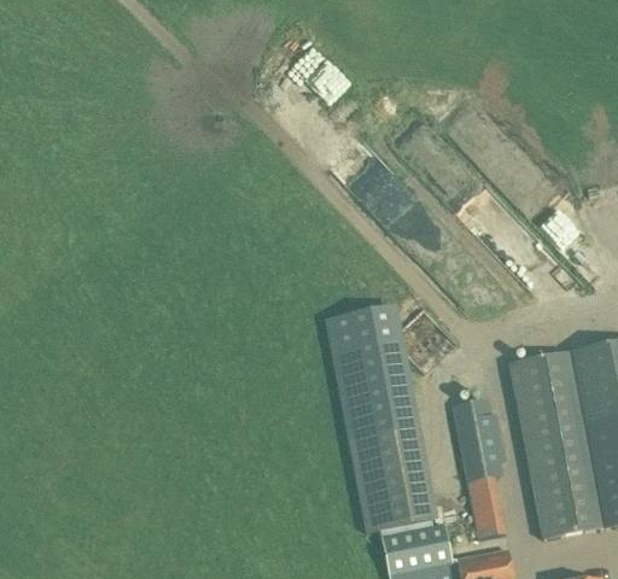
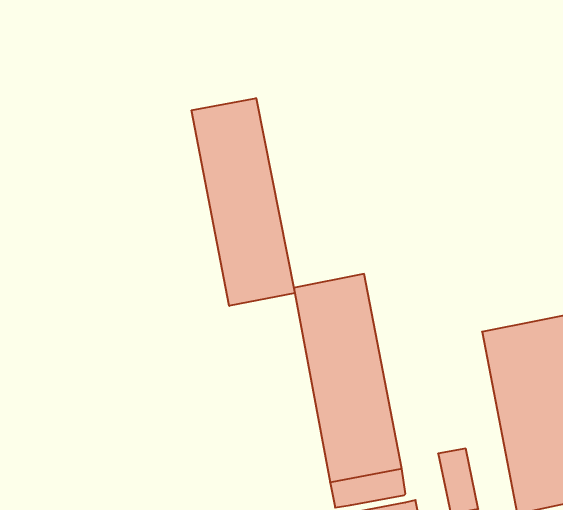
building: none -> [192,98,295,306]
building: [453,399,502,480] -> none

